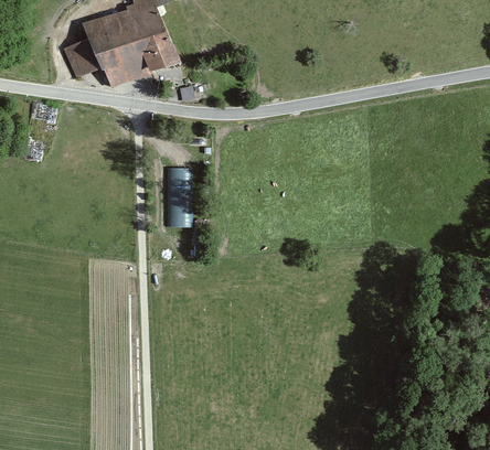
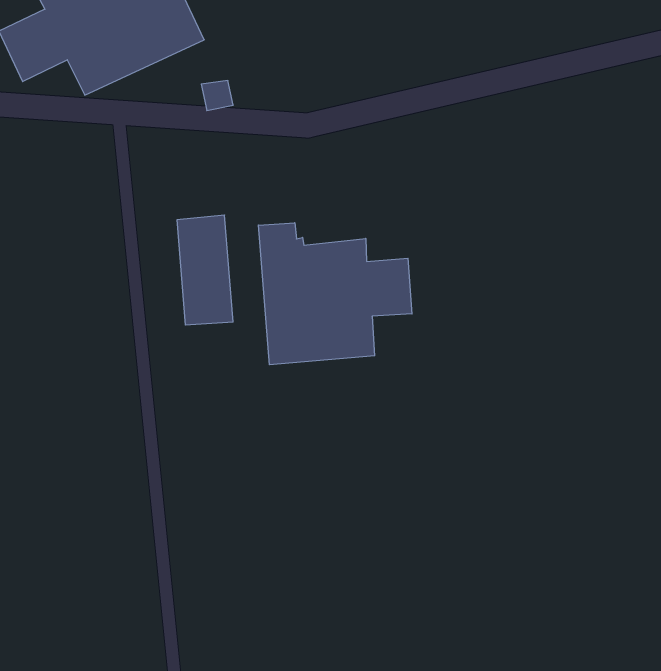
building: none -> [258,223,412,365]

